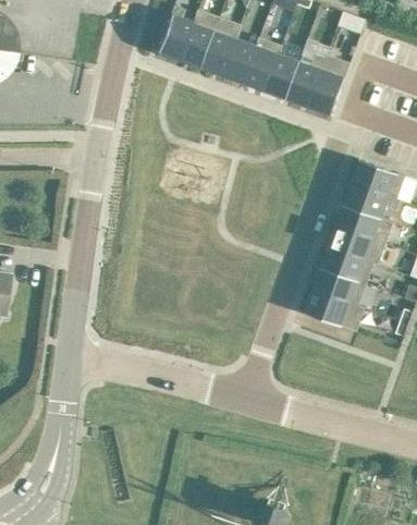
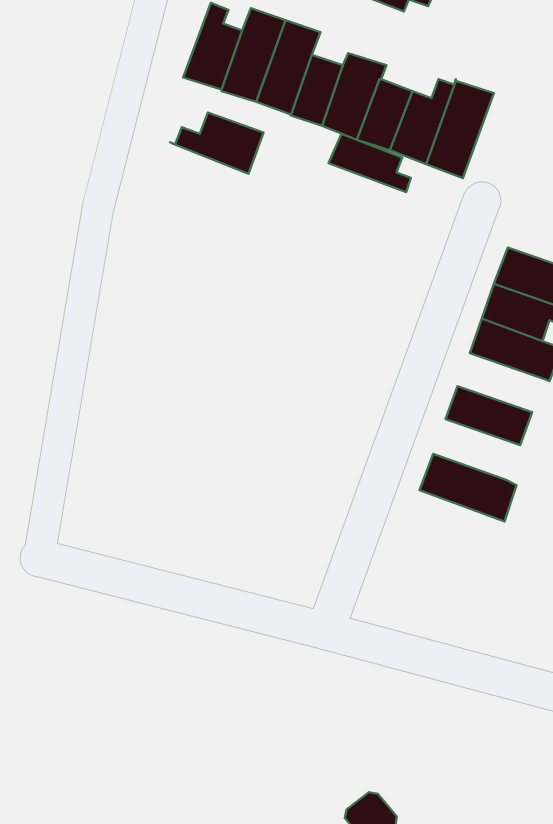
building: none -> [170,112,263,174]
building: none -> [328,134,411,192]
building: [327,224,381,261] -> none
building: [311,266,366,304] -> none

